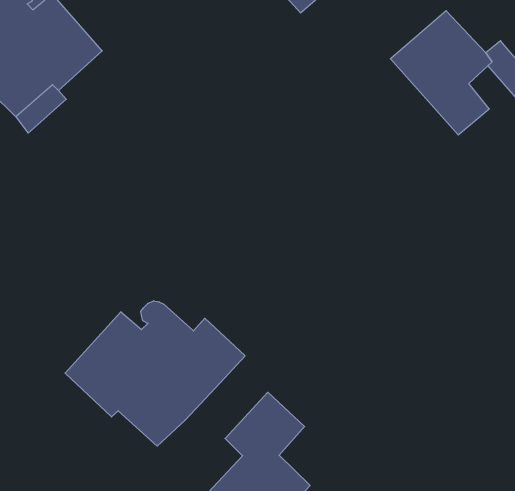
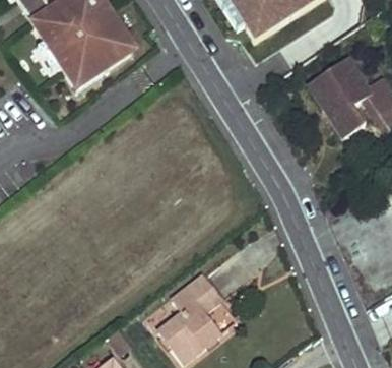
building: [65,301,245,446] -> none

